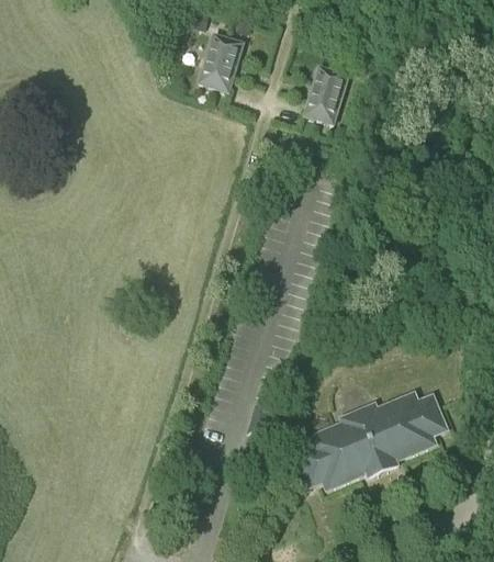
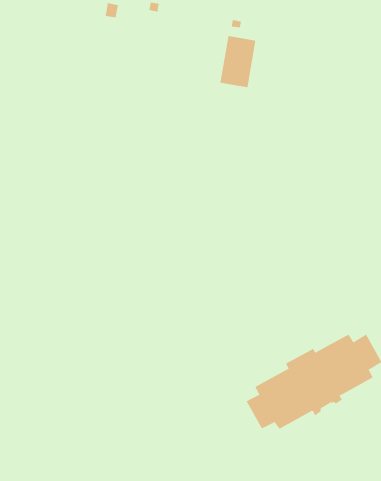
building: [197,32,242,91] -> none

